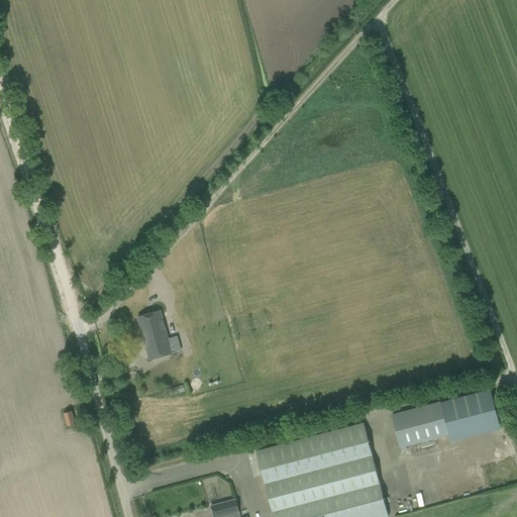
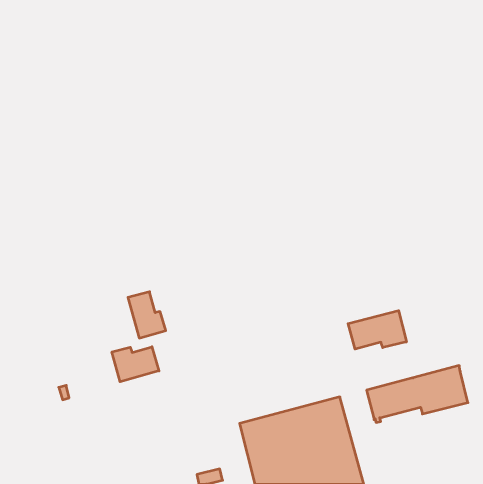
building: none -> [348,311,406,349]
building: none -> [112,347,159,382]

